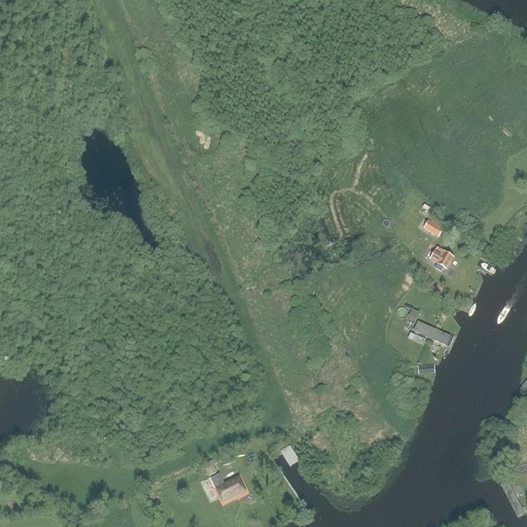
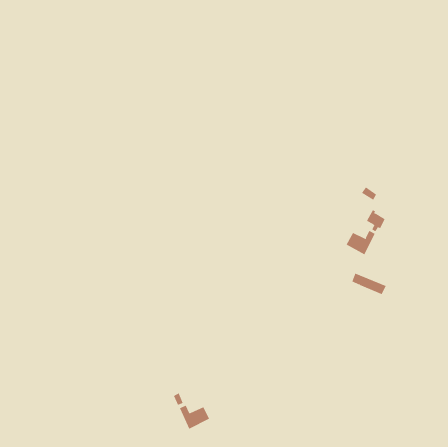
building: none -> [346,230,375,255]

